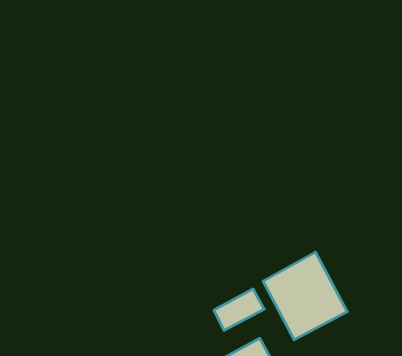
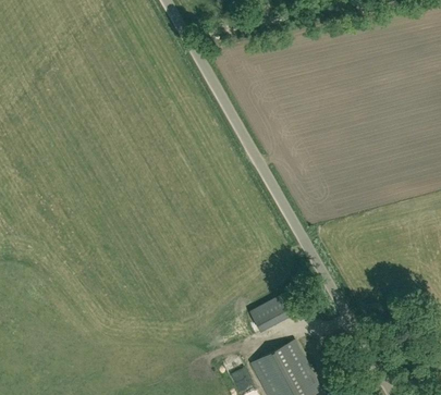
building: [263,252,347,340] -> none

